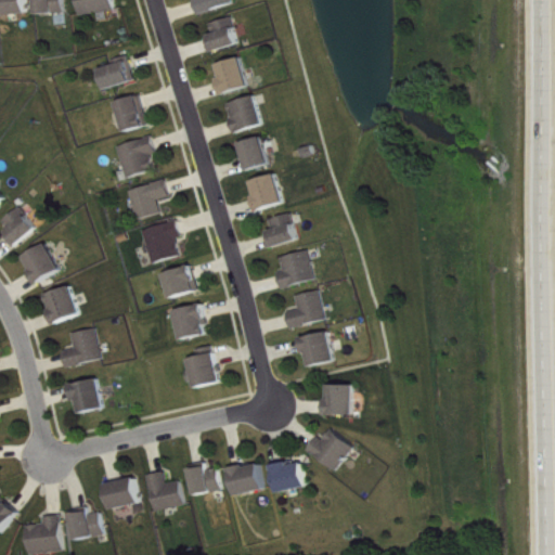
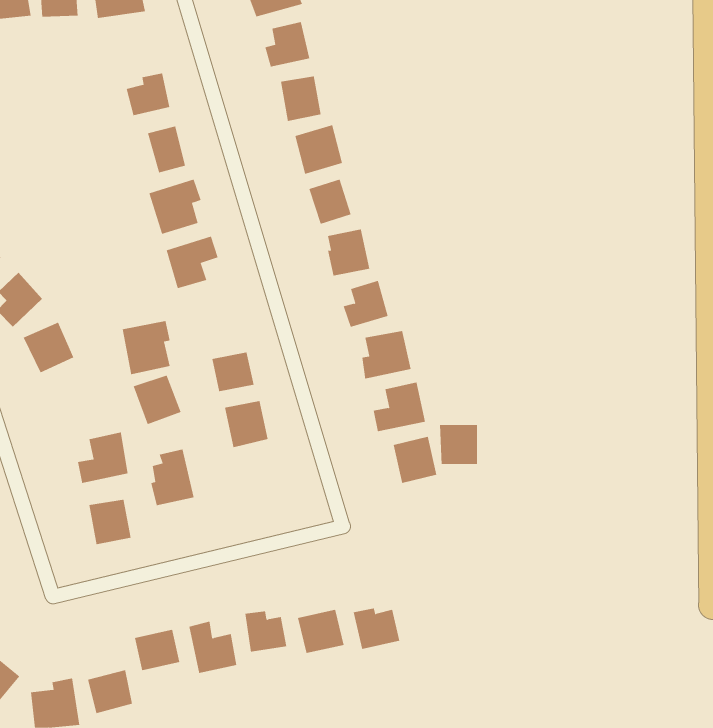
building: [140,221,177,262] -> [122,321,170,375]
building: [40,285,77,323] -> [133,375,182,425]
building: [183,345,217,388] -> [150,449,195,506]
building: [321,384,350,414] -> [439,424,478,464]
building: [302,429,350,470] -> none

